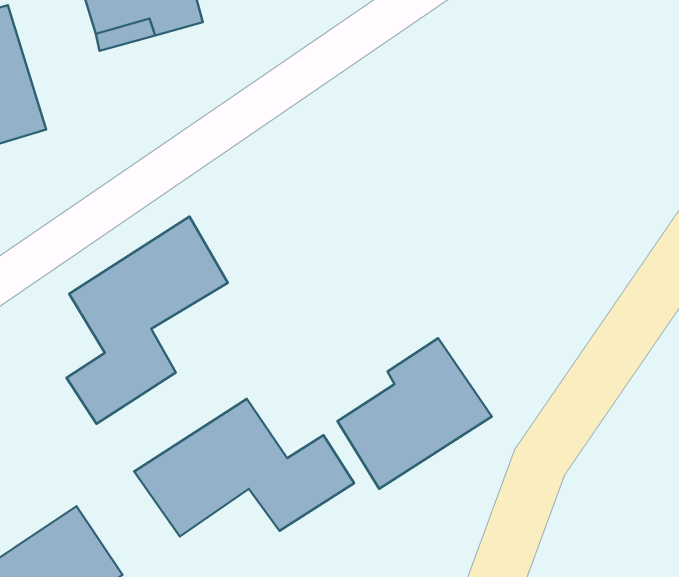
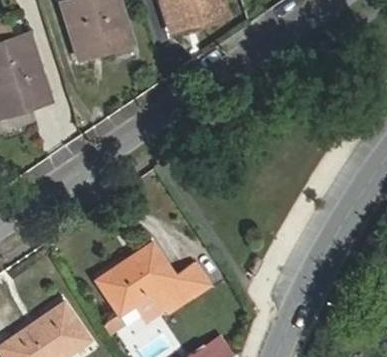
building: [67,216,228,424] -> none
building: [337,338,492,489] -> none

